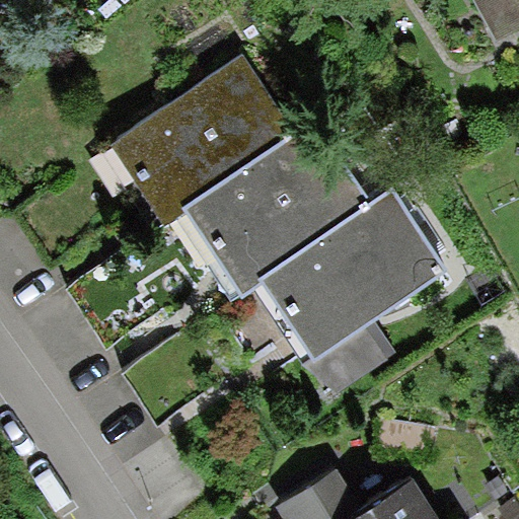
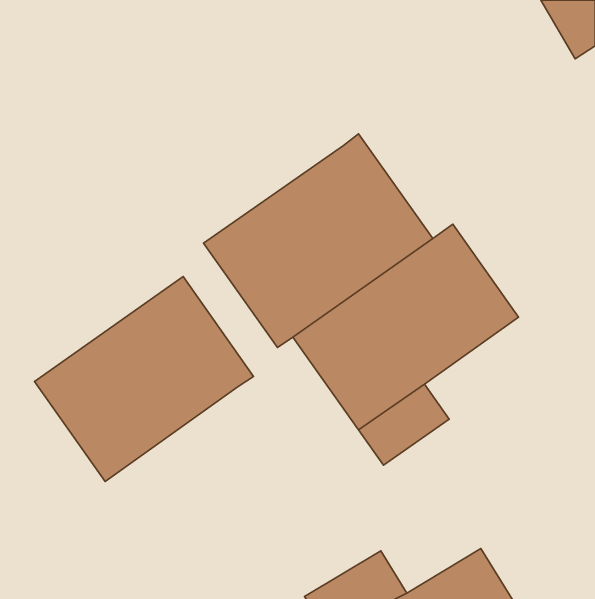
building: [102,50,296,225] -> none
building: none -> [35,277,254,482]

